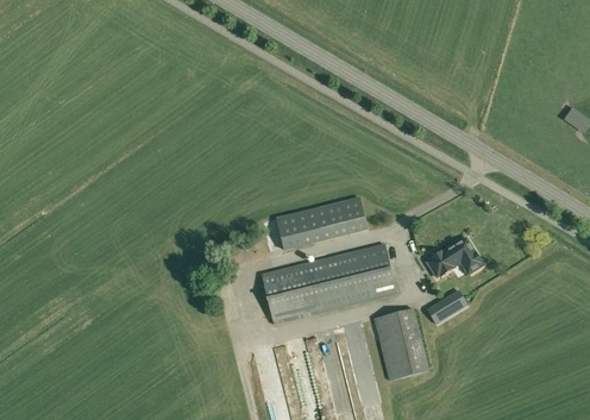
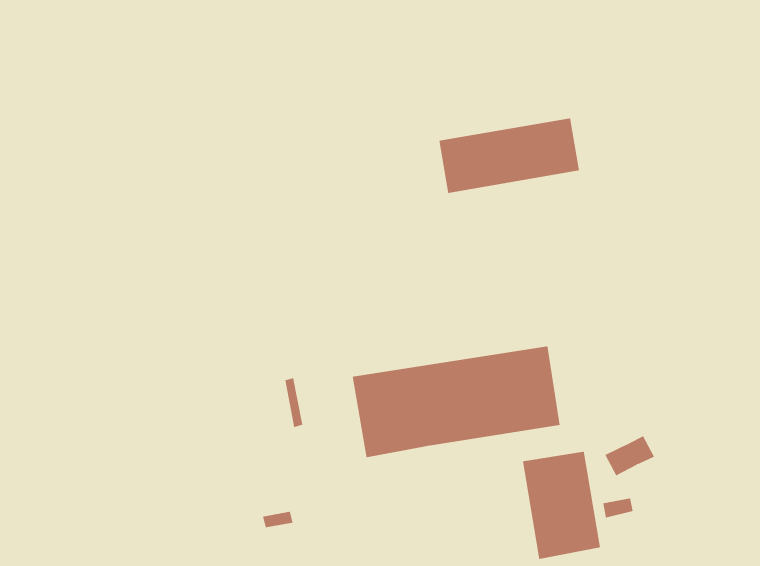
building: [276,195,368,250] -> [439,118,580,193]
building: [426,237,483,276] -> none

